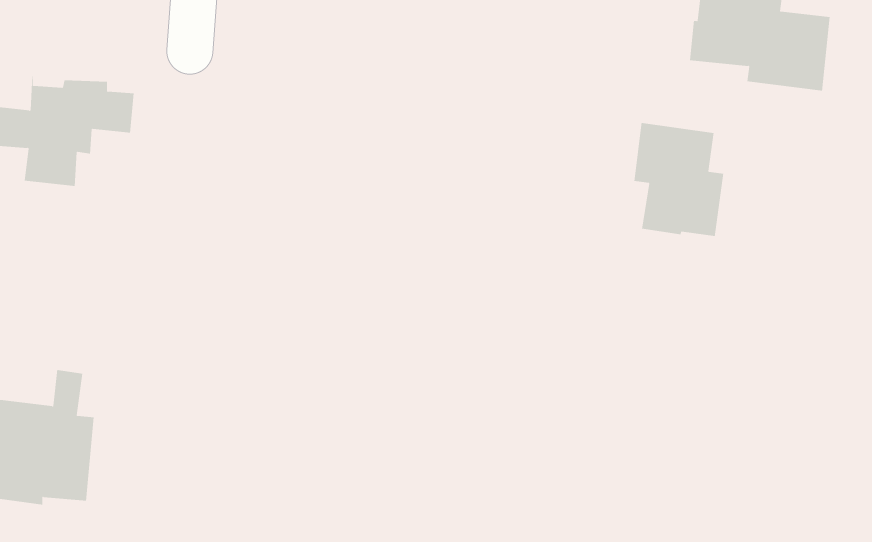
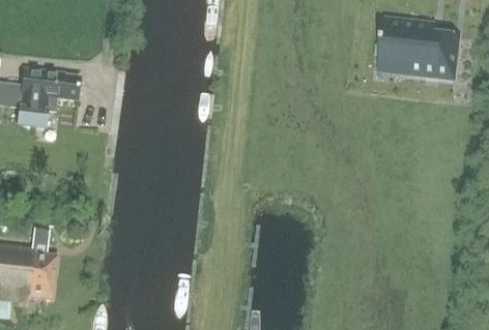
building: [634,122,724,237] -> none

